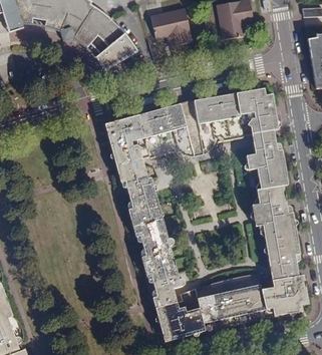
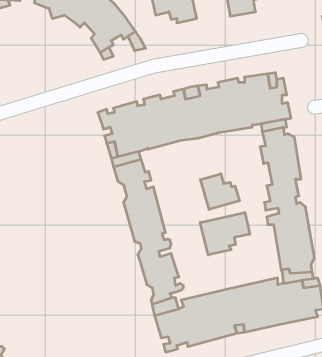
building: none -> [200,174,239,210]
building: none -> [200,212,250,255]

